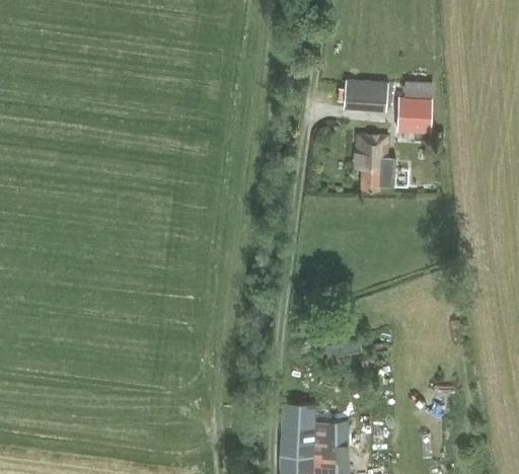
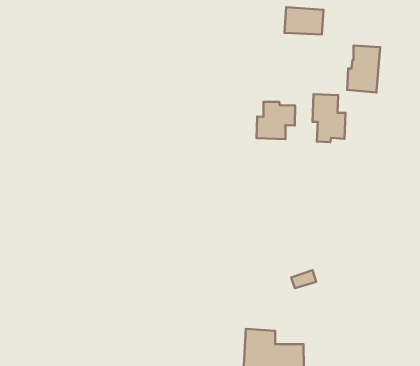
building: [344,80,388,111] -> [284,7,324,35]
building: none -> [257,102,295,139]

